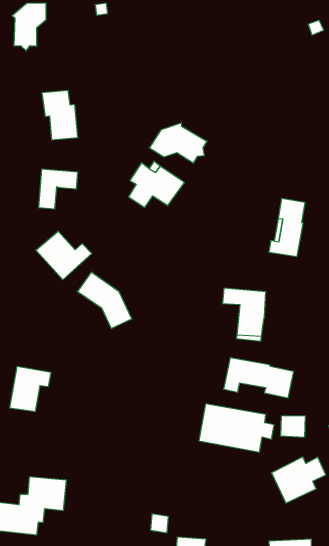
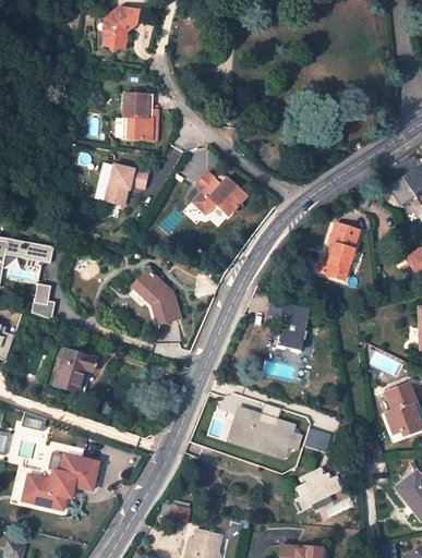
building: [149,123,207,163] -> none
building: [36,231,92,280] -> none
building: [224,357,293,398] -> none

